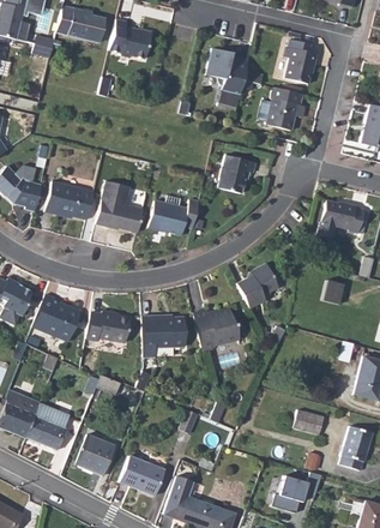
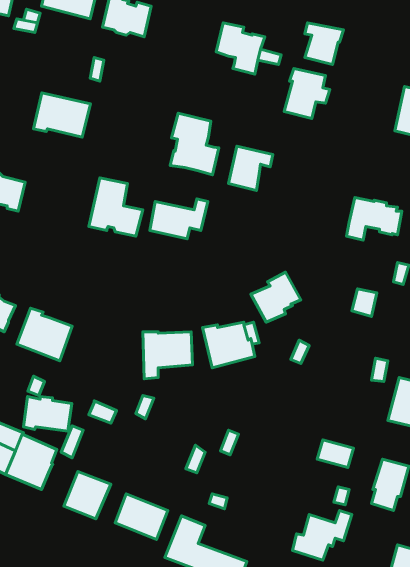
building: none -> [170,113,219,175]
building: [44,180,94,218] -> [34,93,90,137]
building: [88,311,129,341] -> [23,396,72,431]

